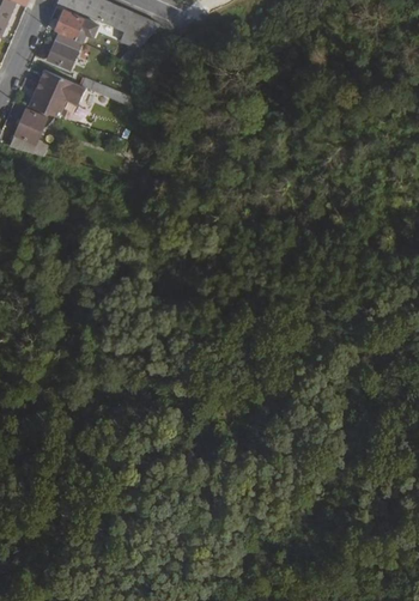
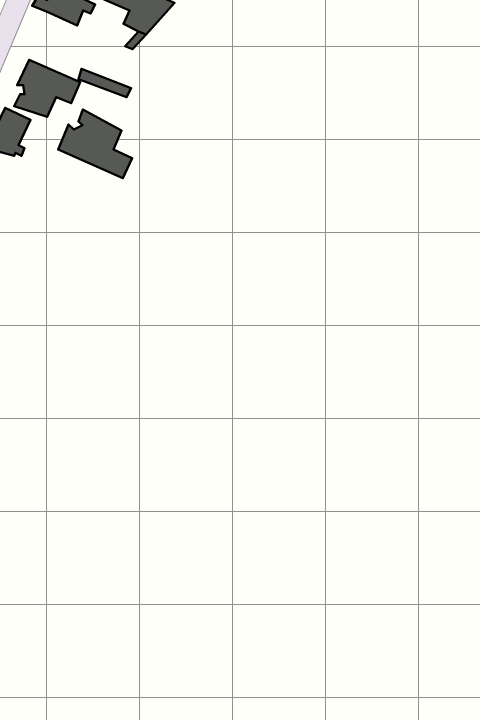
building: [45,31,81,69] -> none
building: none -> [58,110,132,178]

